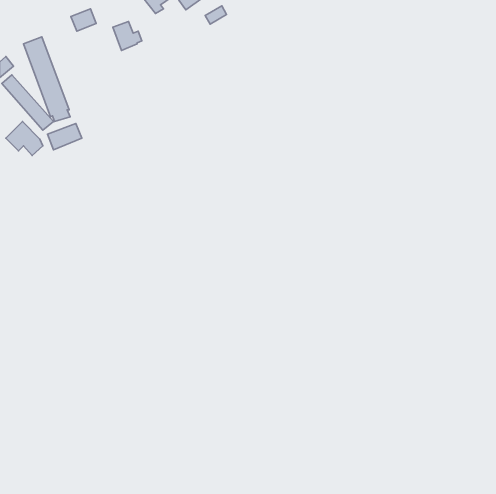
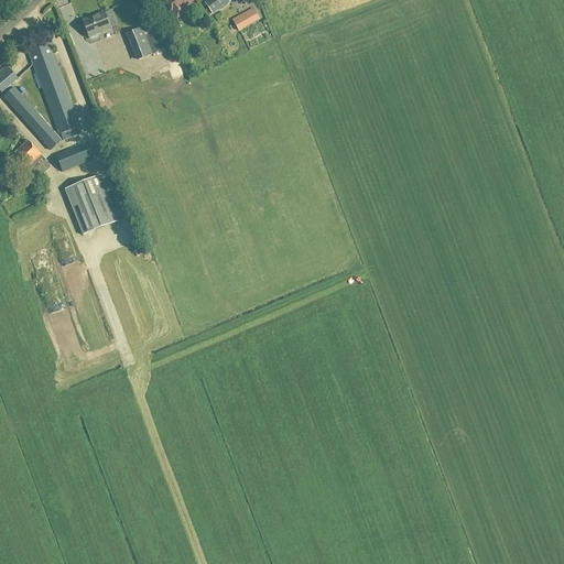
building: none -> [65,173,117,232]

